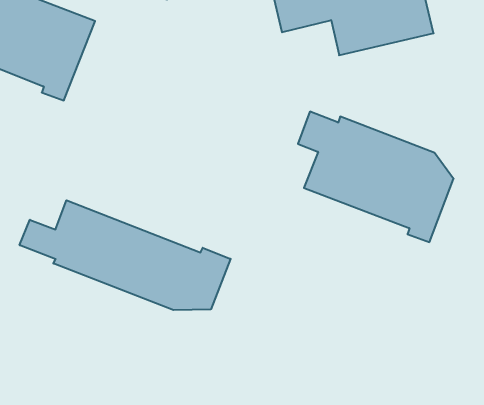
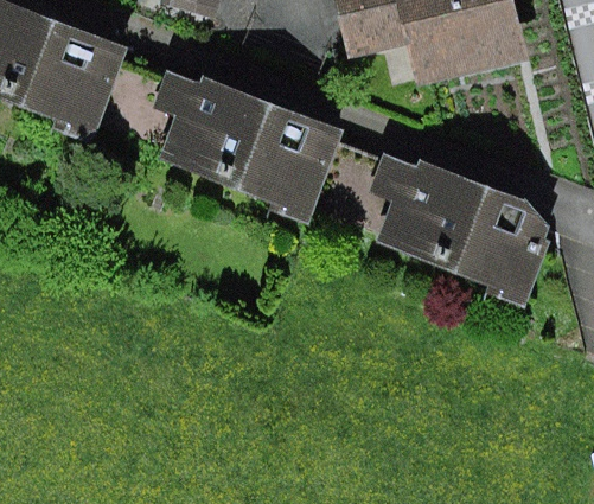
building: none -> [152,70,344,224]
building: [20,200,231,310] -> none

